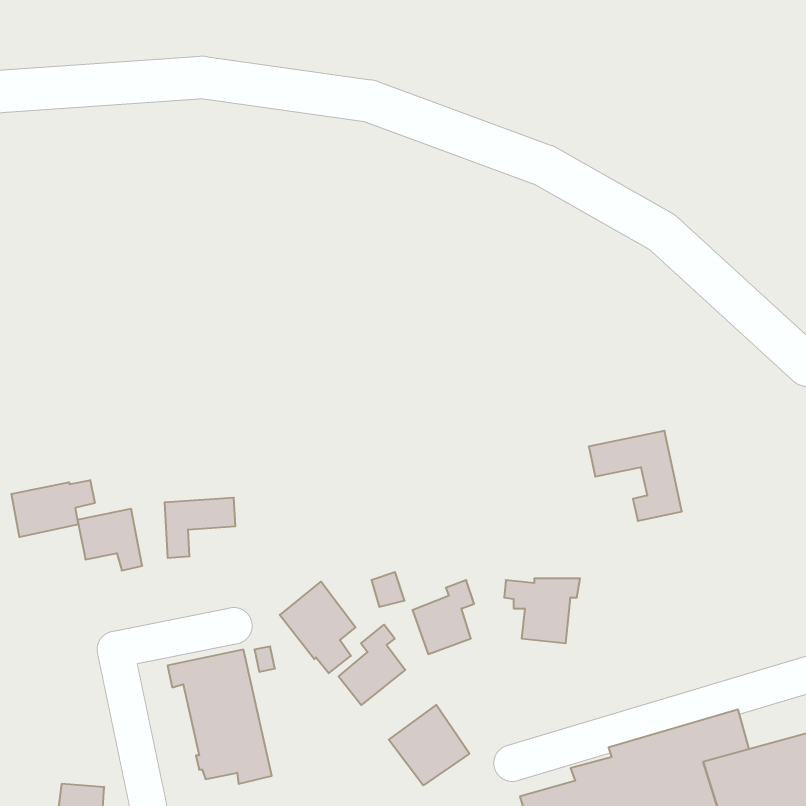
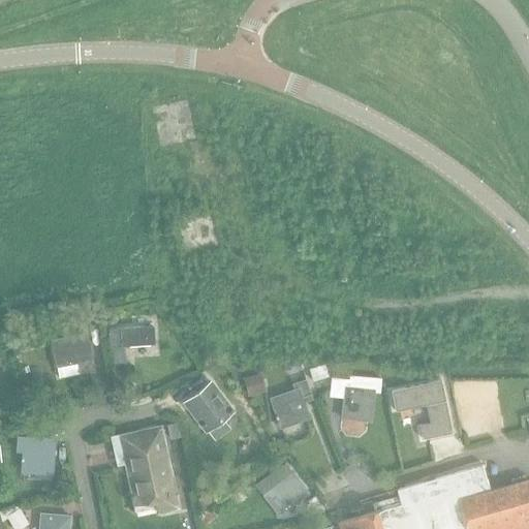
building: [589,431,682,521] -> [392,381,453,440]
building: [12,480,95,537] -> none
building: [339,625,405,705] -> none
building: none -> [23,438,54,471]

